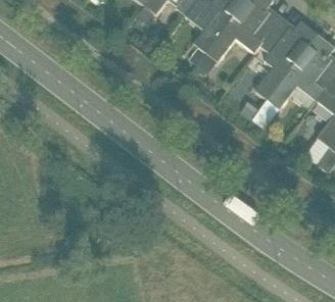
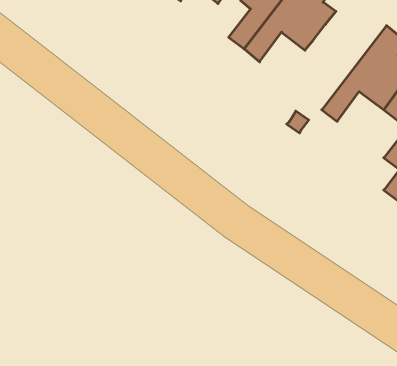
building: [254,19,318,99] -> none

